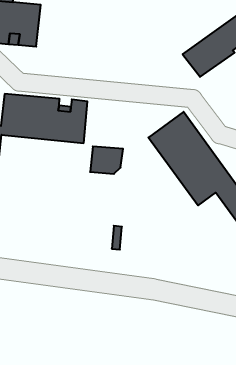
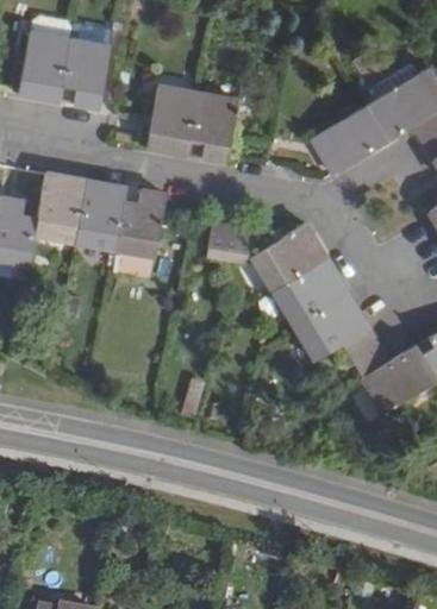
building: none -> [146,86,239,163]
building: [90,146,123,174] -> [205,221,256,264]

